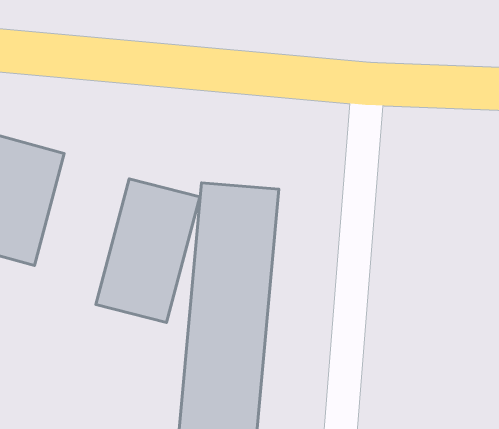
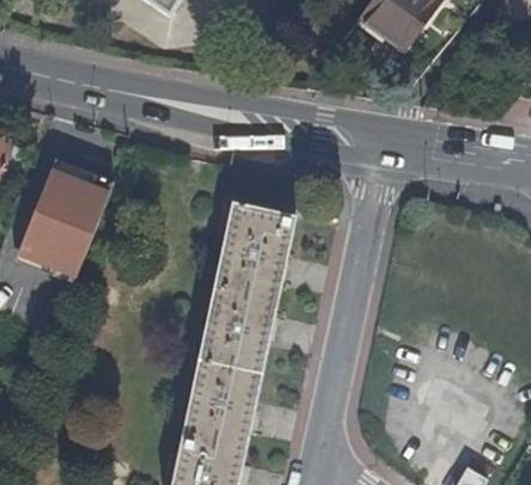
building: [96,179,200,322] -> none

